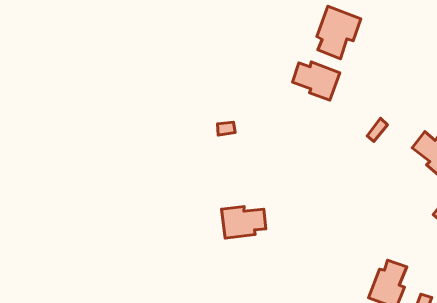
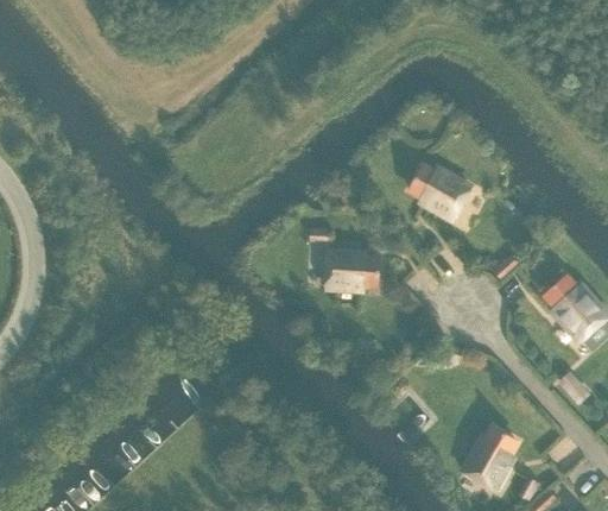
building: [317,6,361,59] -> none
building: [222,206,266,238] -> [324,250,378,288]

